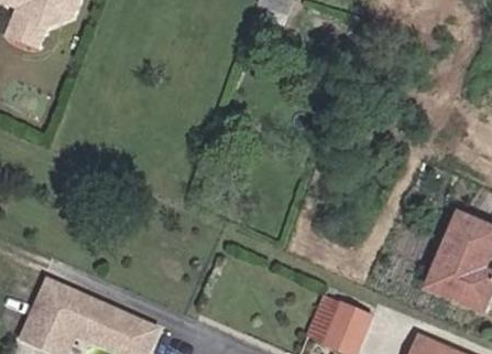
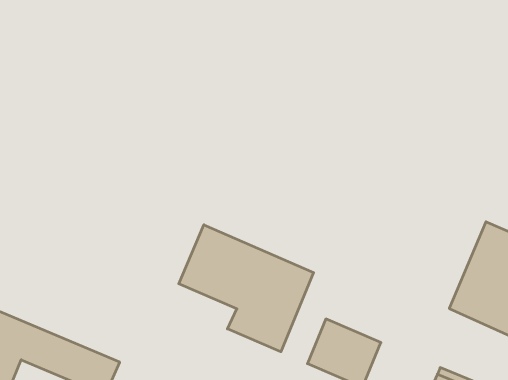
building: none -> [179,225,314,352]

